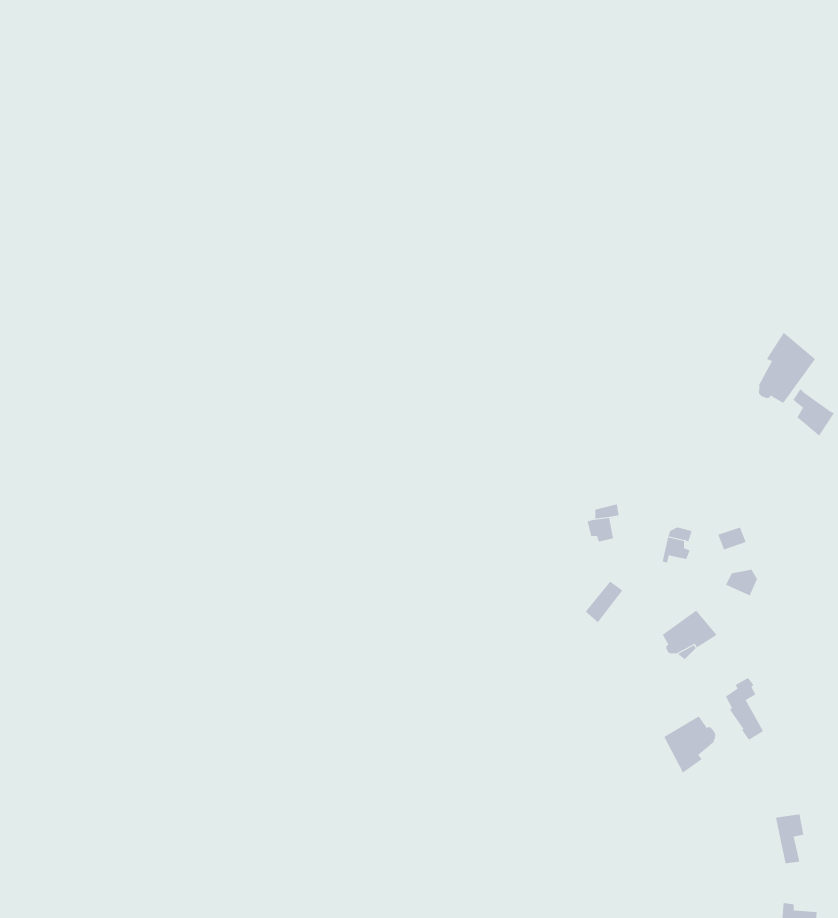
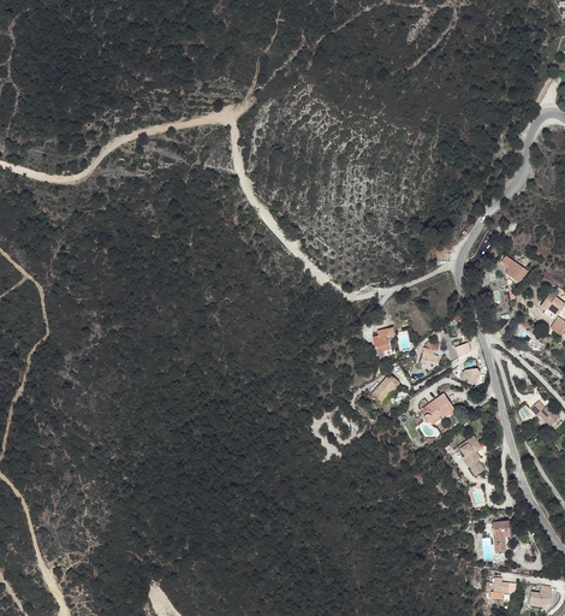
building: [759,332,816,404] -> none
building: [664,715,716,773] -> none

